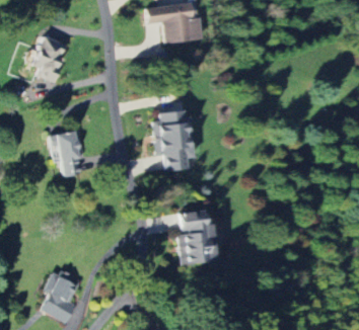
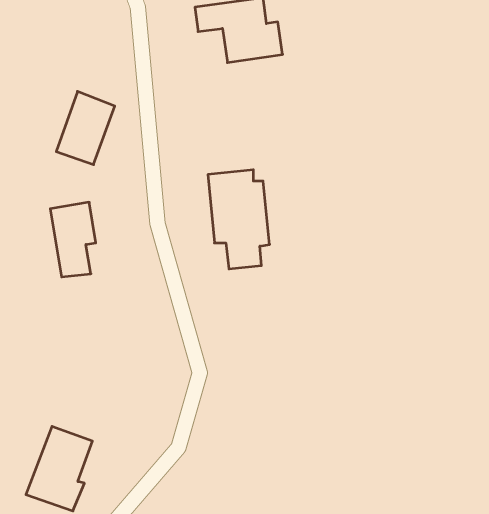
building: [30,35,67,81] -> [56,91,115,165]
building: [180,210,216,263] -> none

